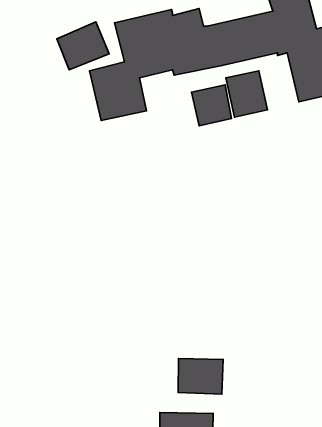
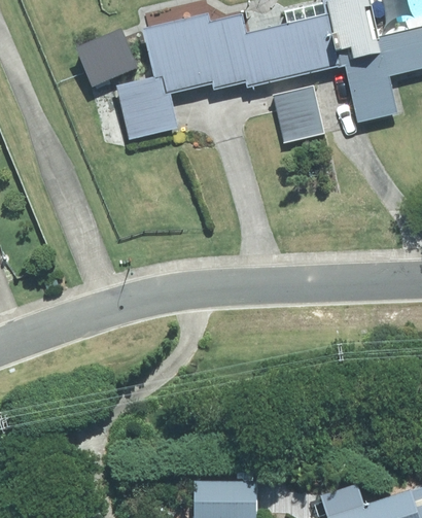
building: [192,85,232,126] -> none
building: [178,359,223,394] -> none

